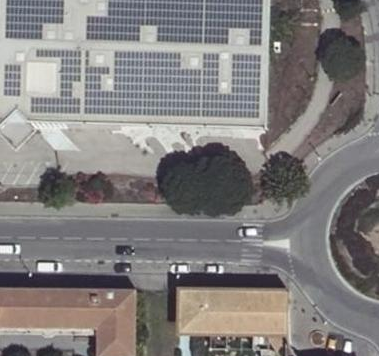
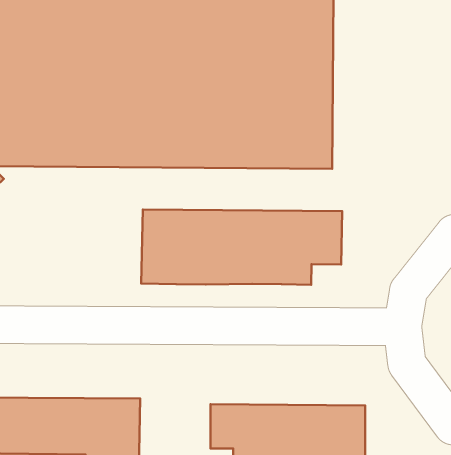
building: none -> [141,209,342,285]

